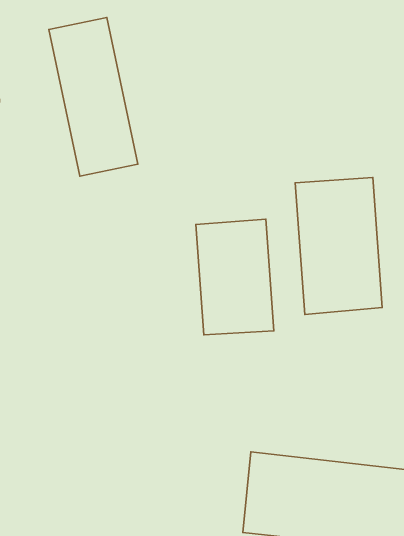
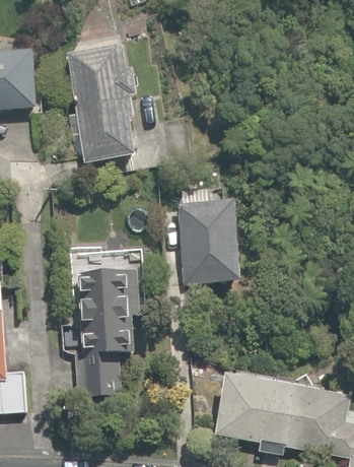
building: [295,178,382,314] -> none
building: none -> [80,269,125,389]

